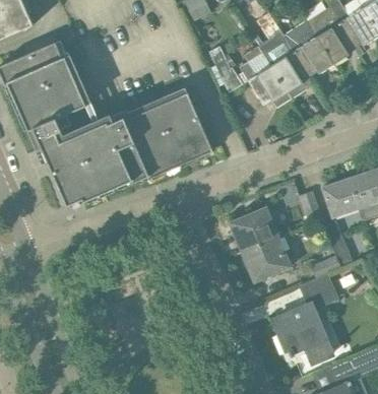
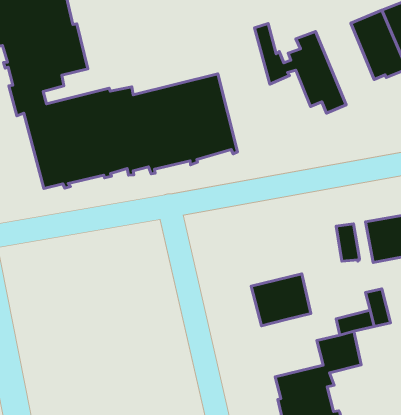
building: [258,29,314,98] -> none
building: [230,206,279,252] -> none

